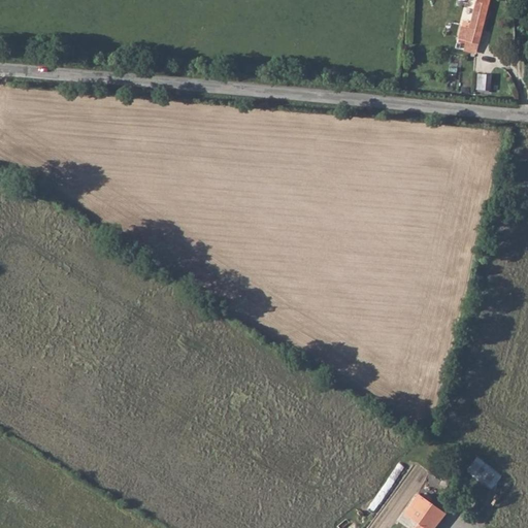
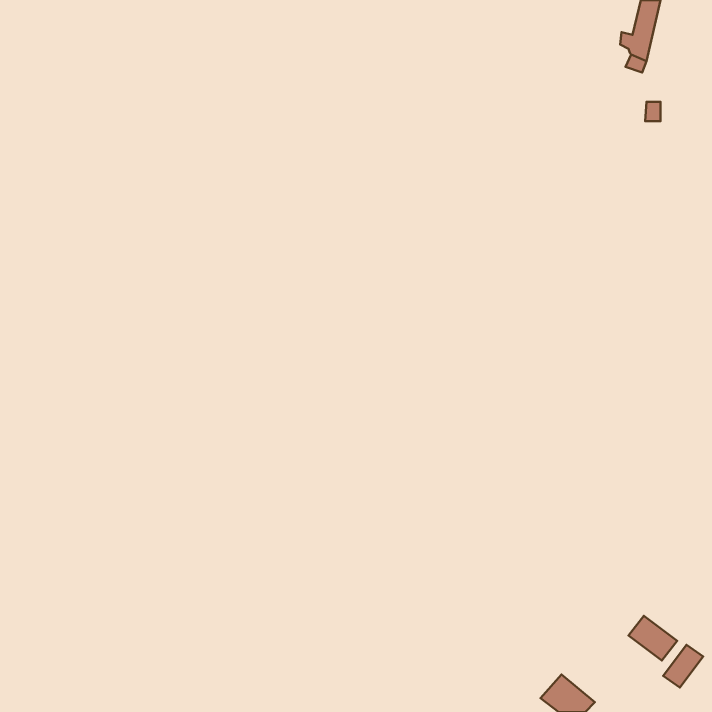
building: none -> [663,645,703,688]

